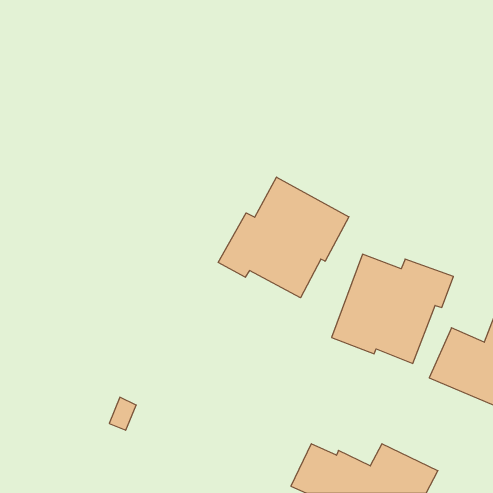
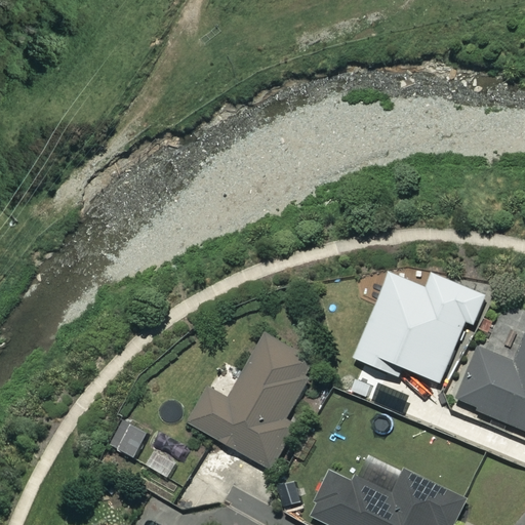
building: [218,177,349,298] -> none
building: none -> [189,334,315,470]

